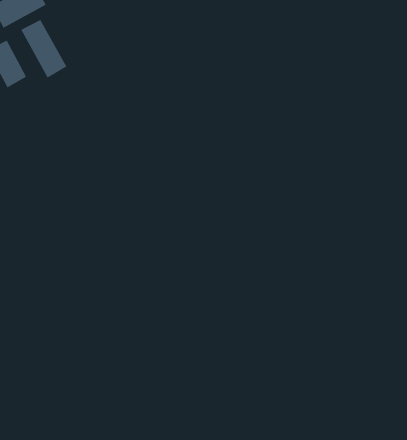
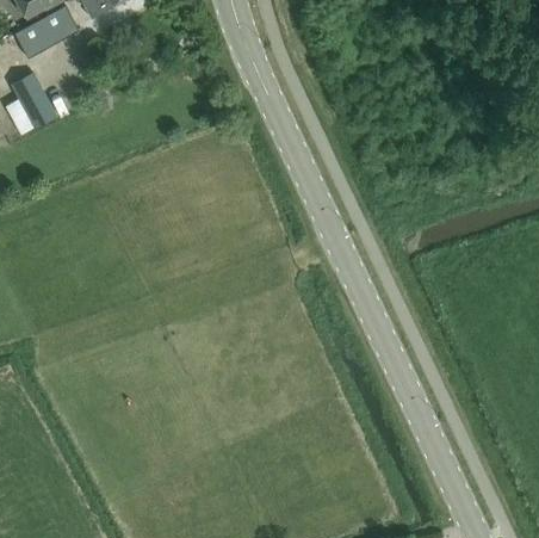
building: [20,19,67,79] -> none

